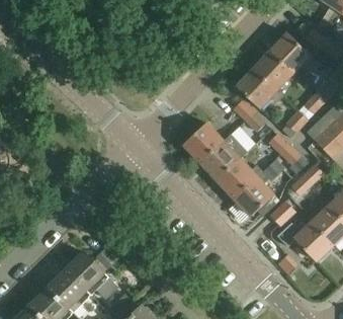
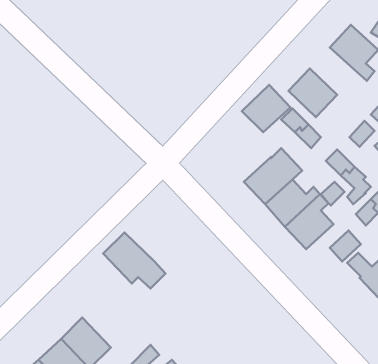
building: [254,51,292,89] -> none
building: [183,122,223,160] -> [242,85,290,132]
building: [69,253,119,299] -> [103,232,165,289]

